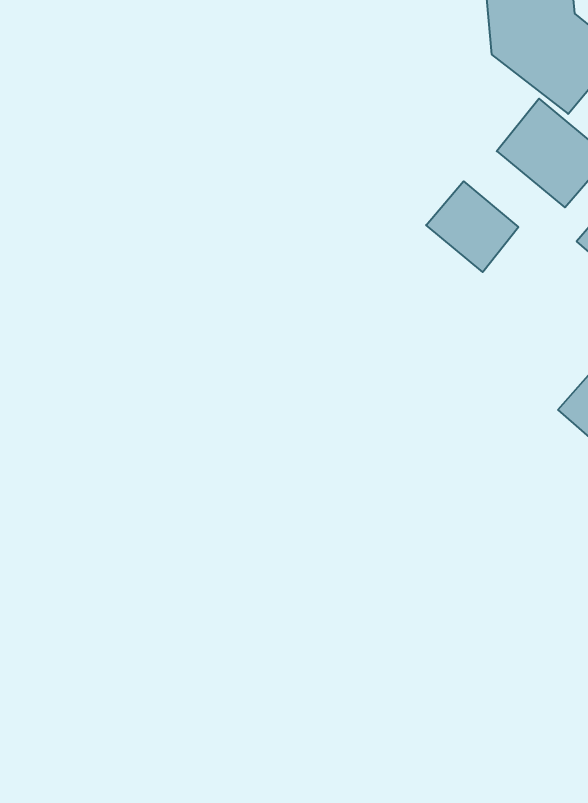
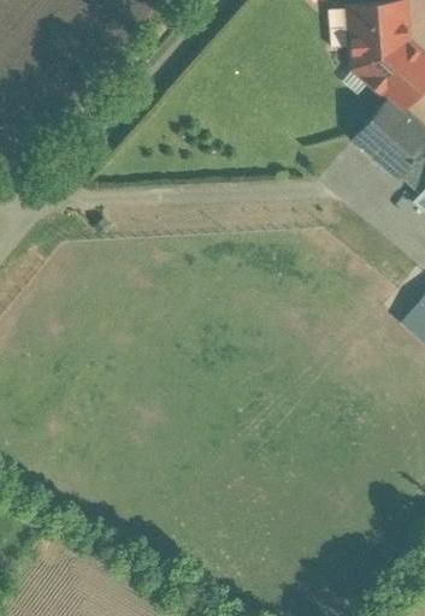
building: [426,181,518,272] -> none

